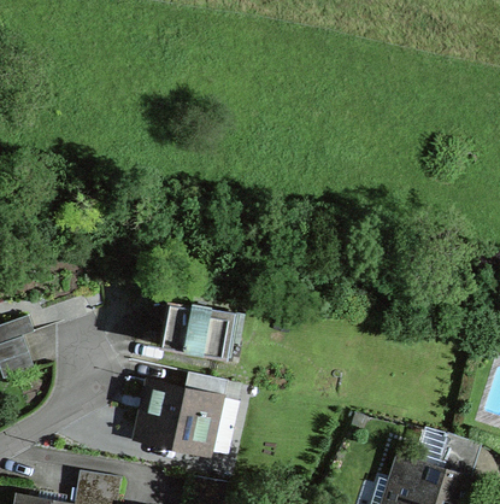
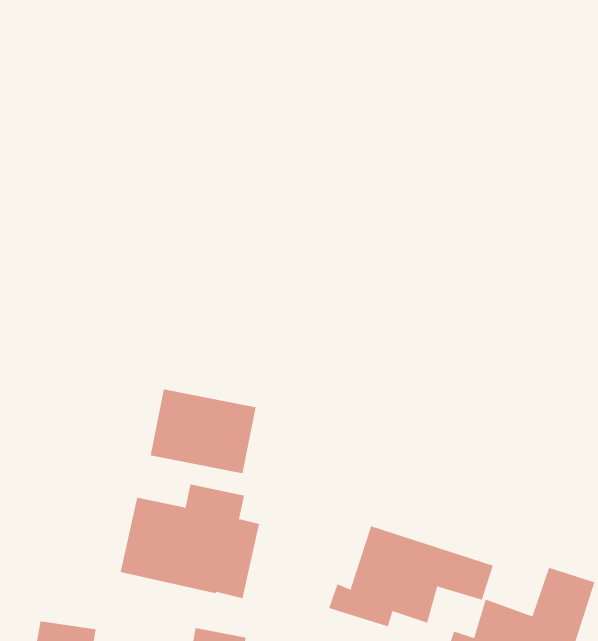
building: none -> [329,526,494,627]

